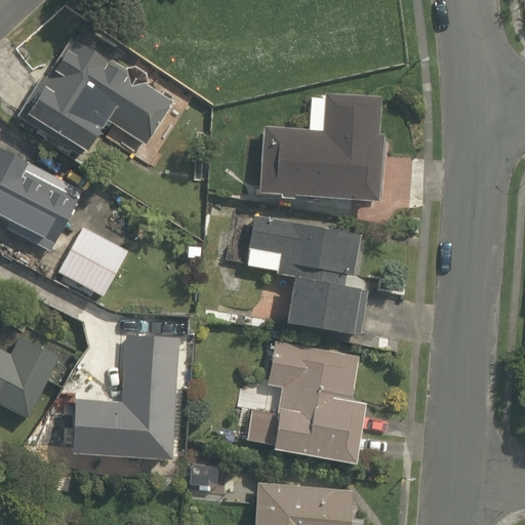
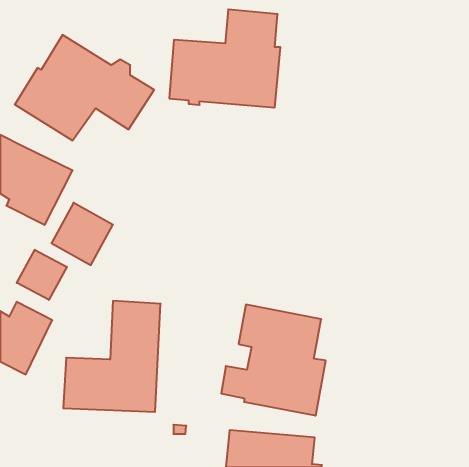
building: [258,93,382,203] -> [169,9,280,108]
building: [248,215,367,335] -> none
building: none -> [17,250,67,300]

